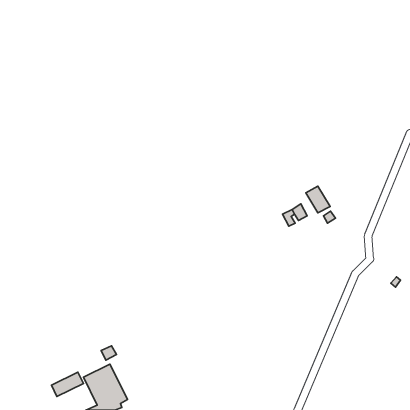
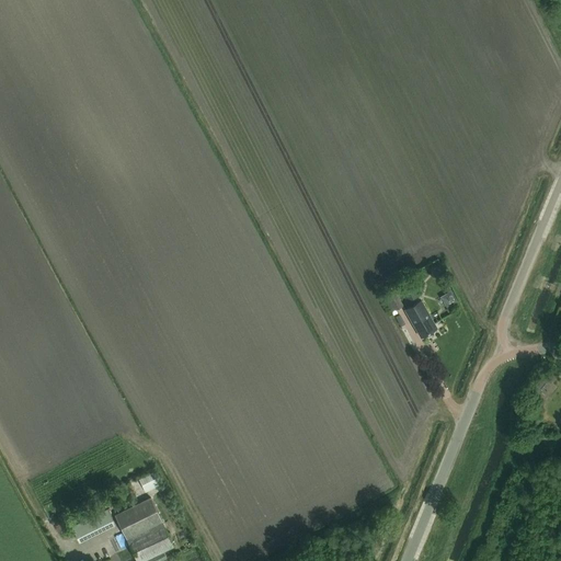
building: [306,186,330,213] -> [404,301,437,337]

